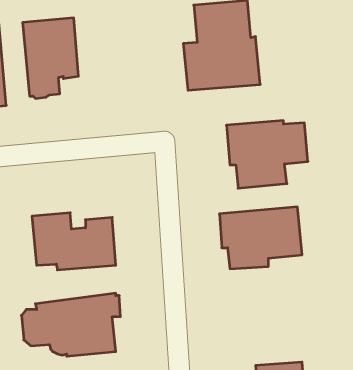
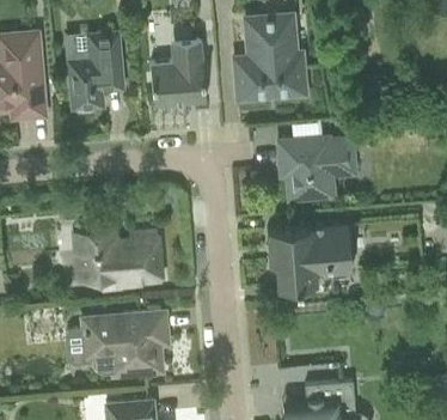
building: none -> [151,41,207,106]

